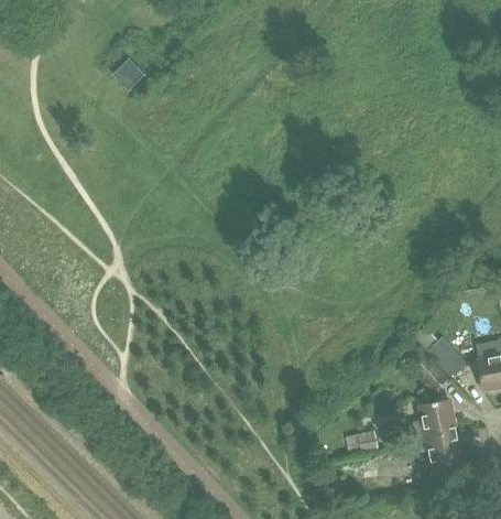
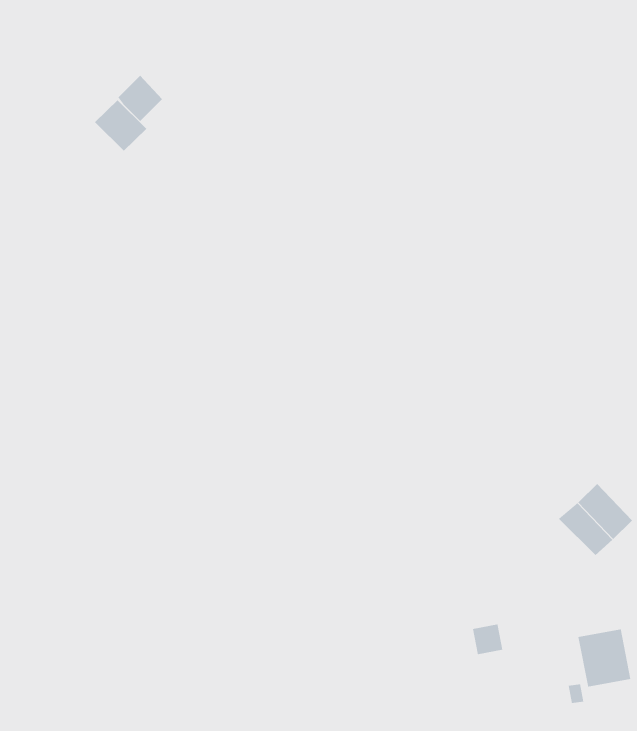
building: none -> [94,99,147,152]
building: [420,400,456,439] -> none

